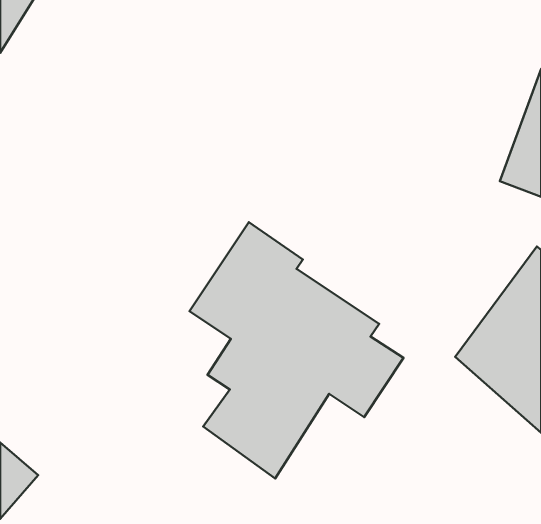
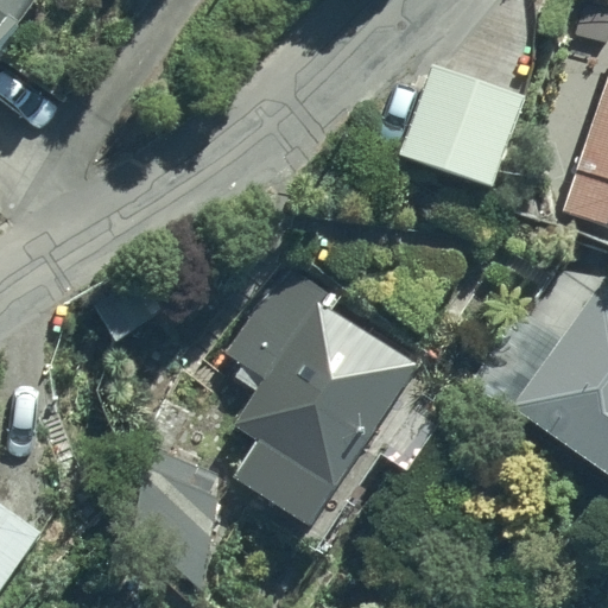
building: none -> [403,57,522,201]

